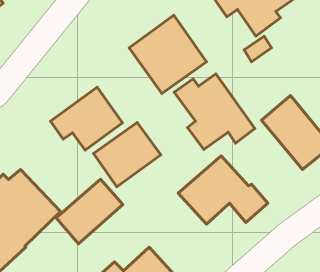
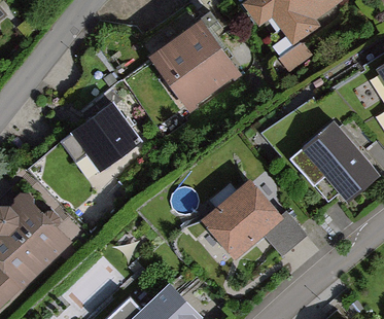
building: [174,74,255,150] -> none
building: [93,122,161,187] -> none
building: [56,179,123,244] -> none

